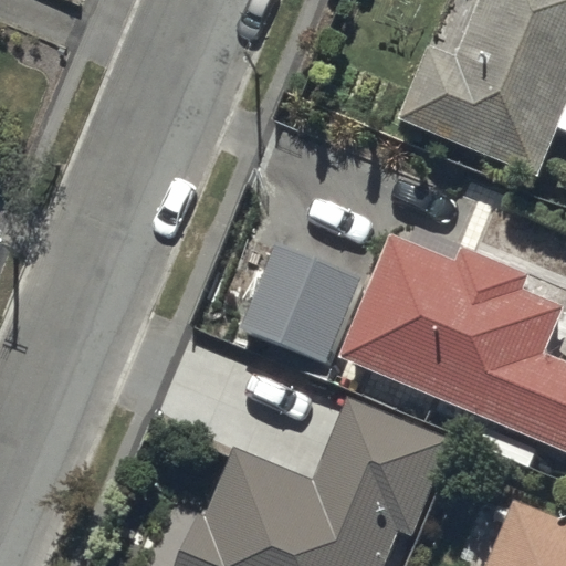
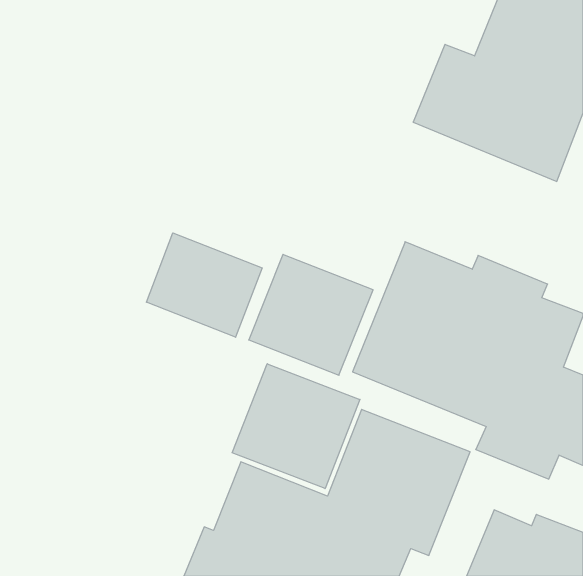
building: none -> [146,233,262,337]
building: none -> [232,364,360,489]

